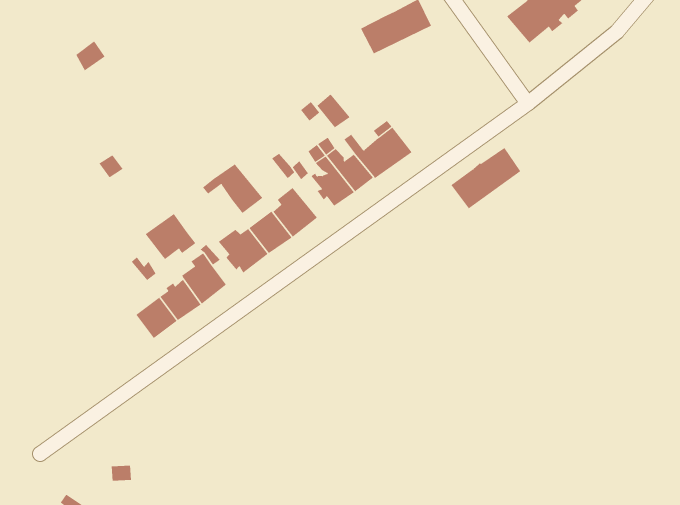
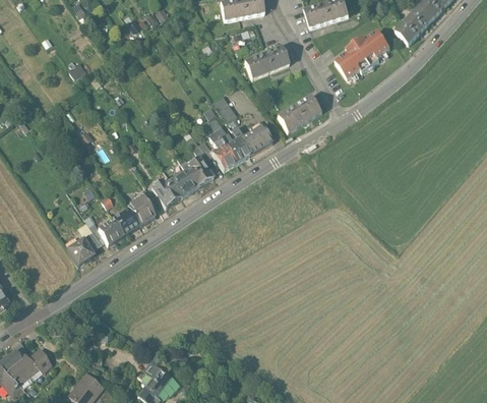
building: [451,147,521,209] -> [279,93,322,129]
building: [202,163,263,214] -> none
building: [145,213,196,260] -> none
building: none -> [68,231,100,264]

